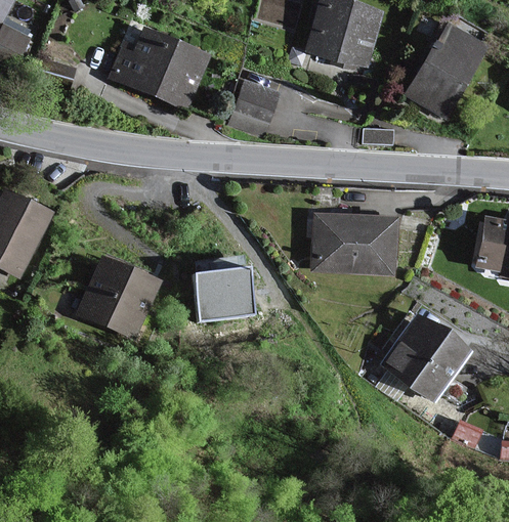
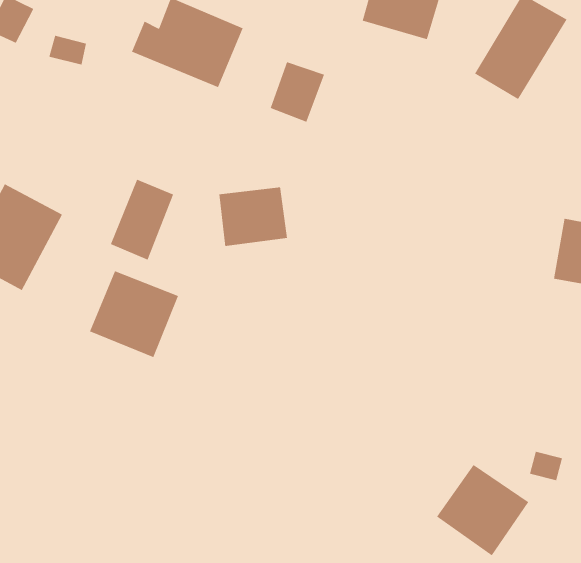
building: none -> [110,179,174,260]
building: [308,212,397,277] -> none
building: [197,266,256,317] -> [219,187,288,247]
building: [383,318,463,397] -> [436,464,529,556]

